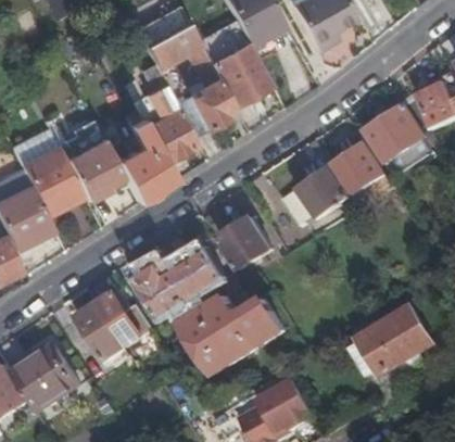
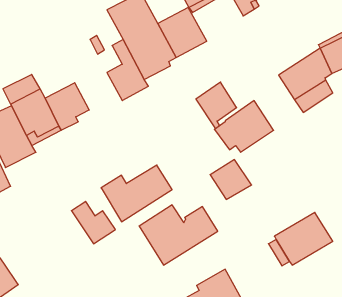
building: [98,115,172,202] -> none
building: [332,139,384,199] -> [196,82,237,129]
building: [219,214,273,265] -> [210,160,252,199]
building: [78,302,126,357] -> none
building: [11,341,78,407] -> none

